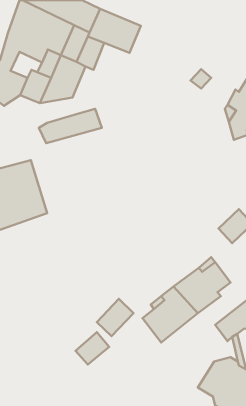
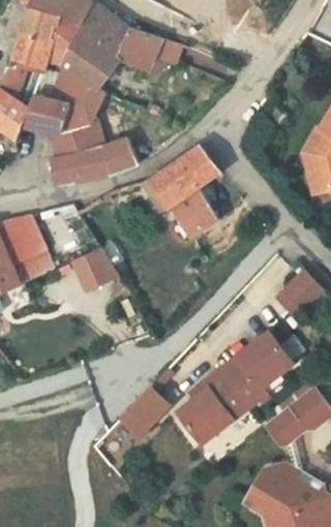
building: none -> [53,129,103,161]
building: none -> [146,152,220,255]
building: none -> [73,244,120,287]

